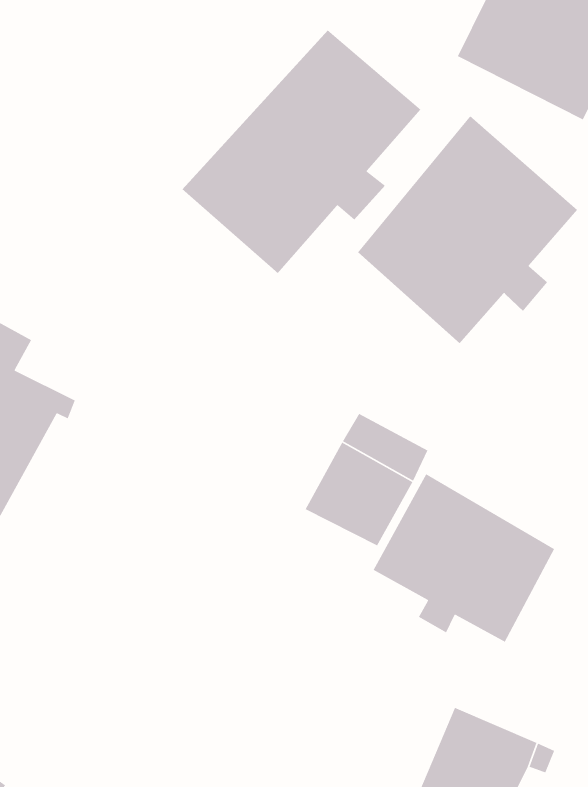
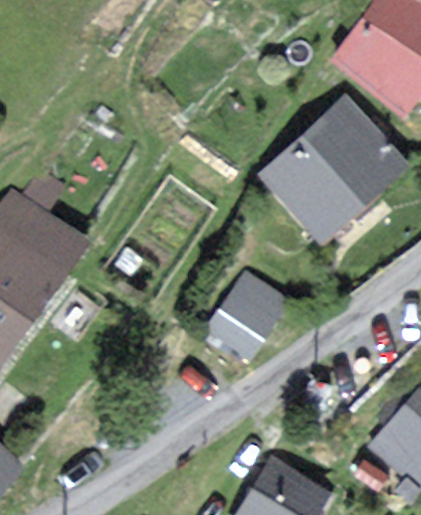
building: [181,30,421,274] -> none
building: [372,473,555,643] -> none

